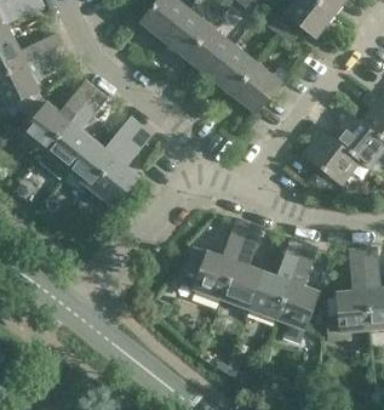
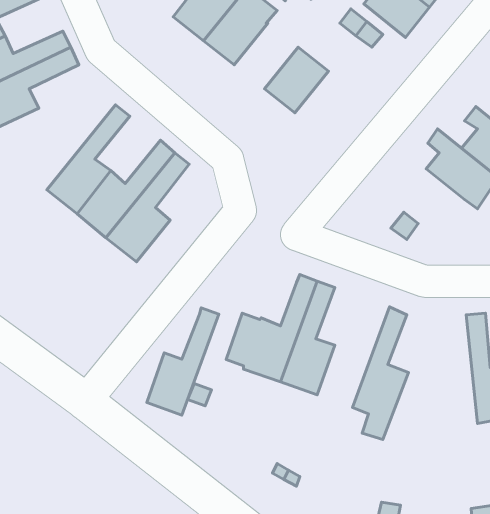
building: [187,27,235,76] -> none
building: [233,63,281,114] -> none
building: [21,80,97,153] -> none
building: [304,121,361,183] -> none
building: [250,237,304,318] -> [147,308,219,415]
building: [327,247,371,341] -> none

